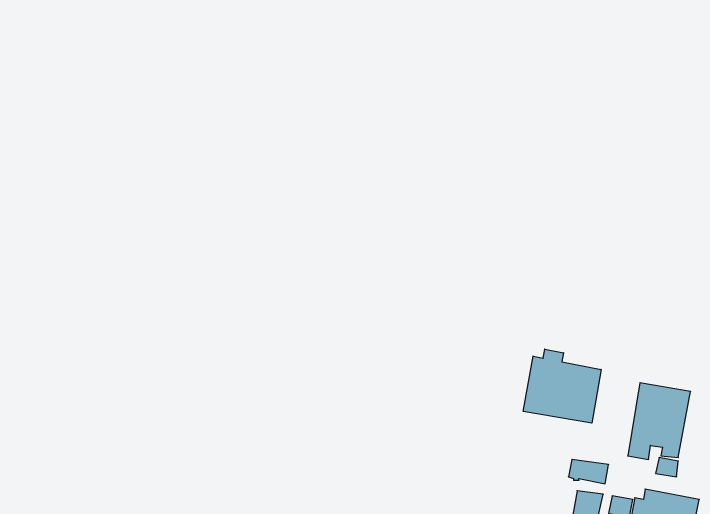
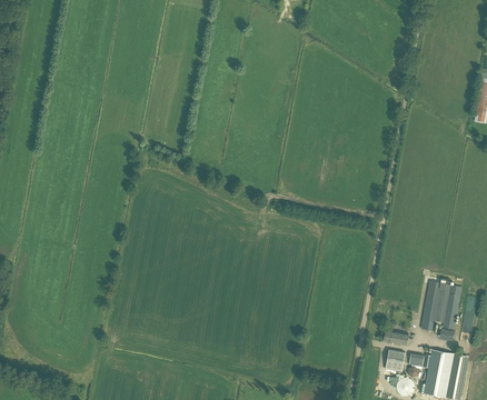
building: [523,349,601,423] -> none

